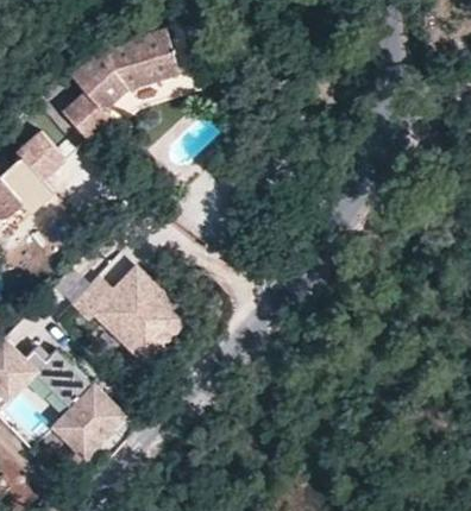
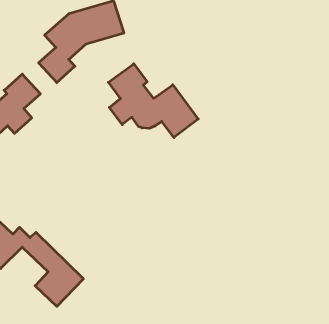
building: none -> [108,64,198,138]
building: [70,260,188,360] -> none

